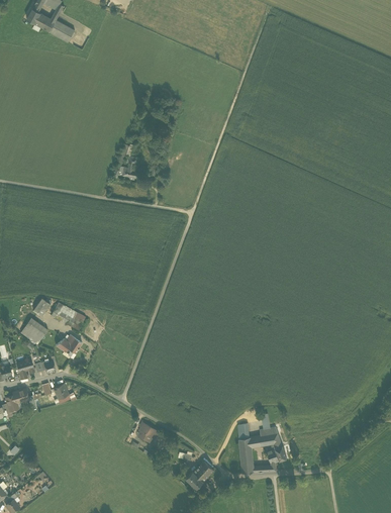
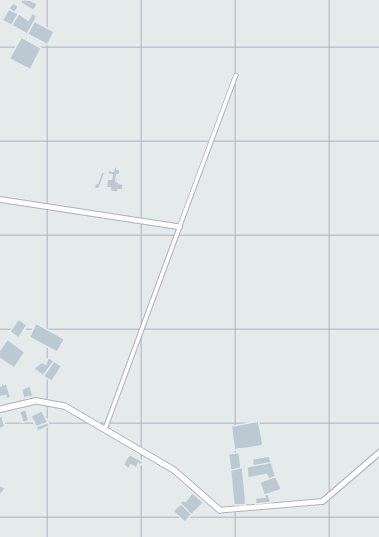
building: none -> [9,37,41,70]
building: none -> [231,421,263,450]

